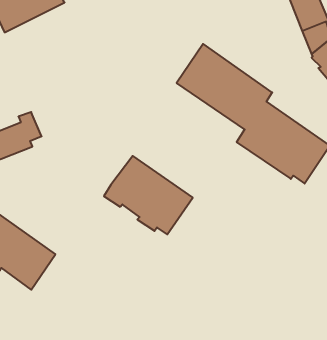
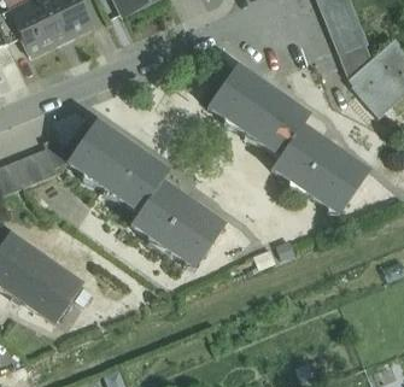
building: none -> [66,122,168,212]

